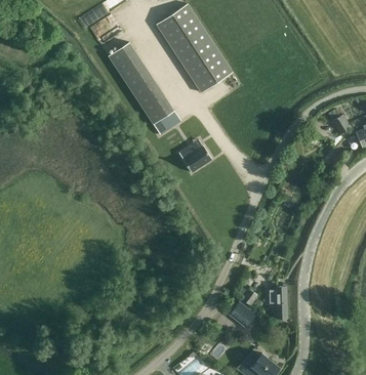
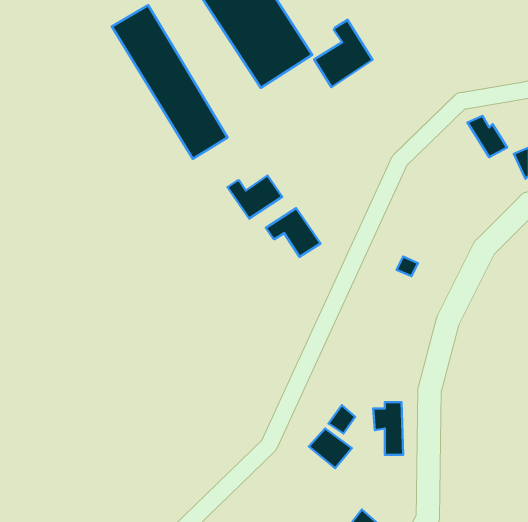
building: none -> [314,20,373,87]
building: none -> [266,208,320,257]

